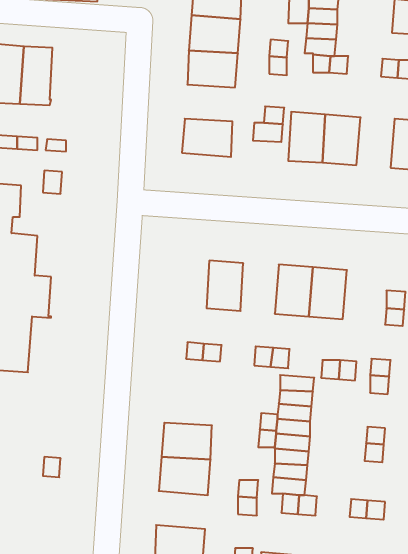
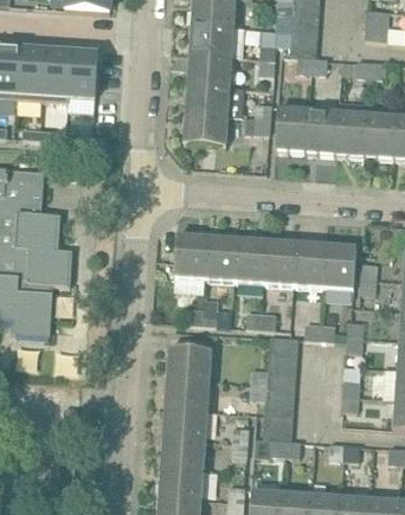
building: none -> [69,52,98,98]
building: none -> [186,84,244,116]
building: none -> [335,112,368,156]
building: none -> [175,234,207,278]
building: none -> [234,239,268,283]
building: none -> [323,245,356,289]
building: none -> [168,348,212,380]
building: none -> [161,437,206,470]

